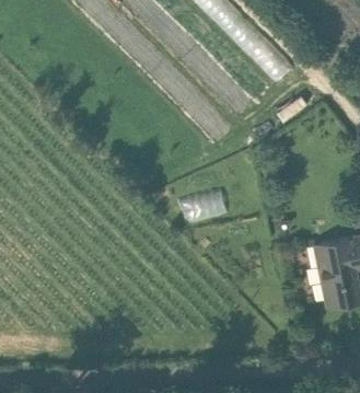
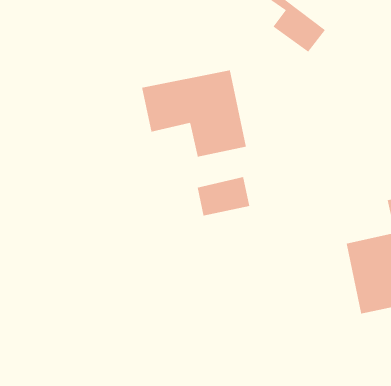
building: none -> [142,69,247,158]

